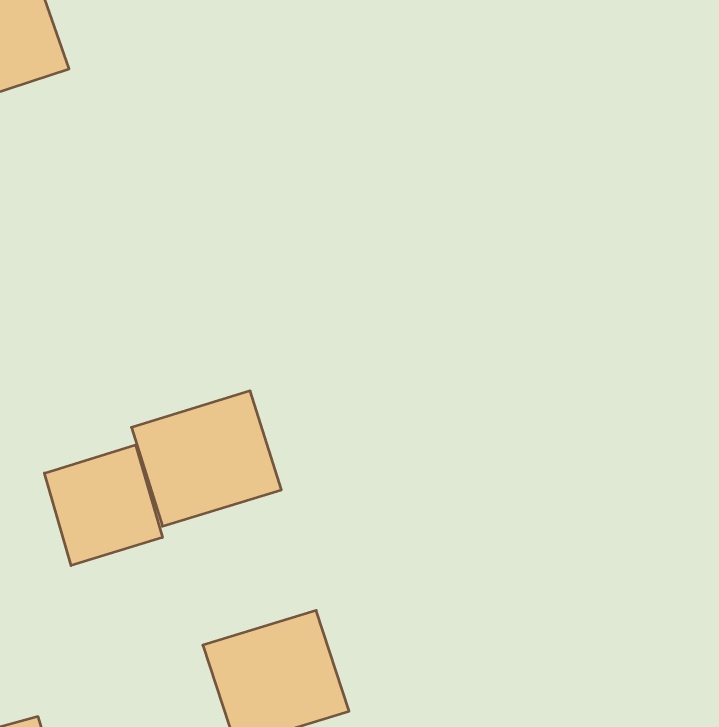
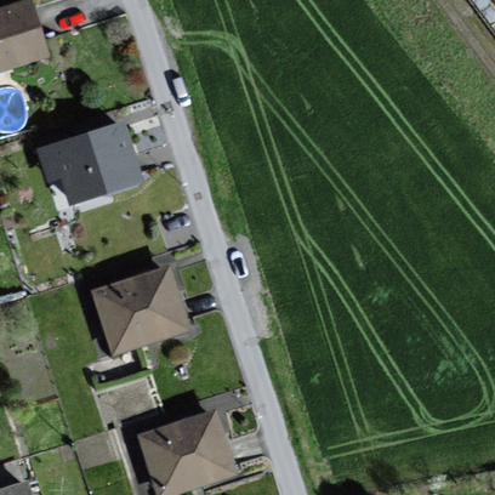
building: none -> [39,121,143,204]
building: [44,445,162,566] -> none

